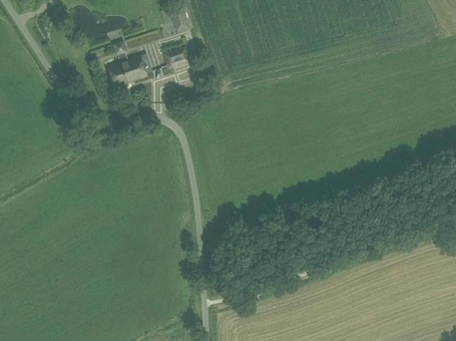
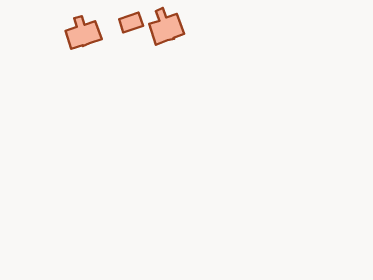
building: none -> [149,8,184,45]

